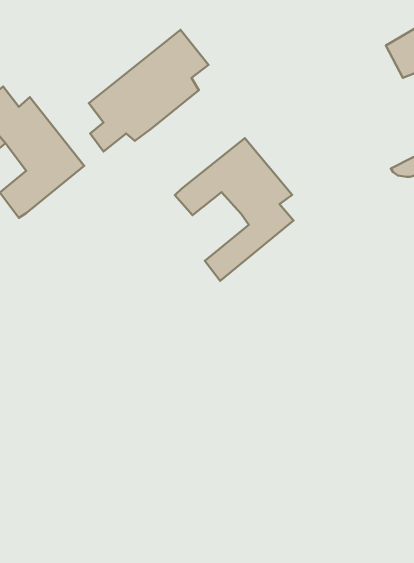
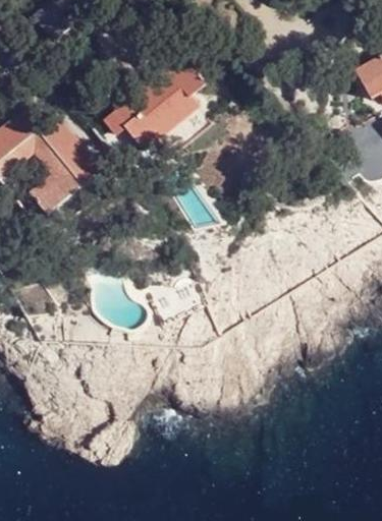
building: [175,138,294,281] -> none

